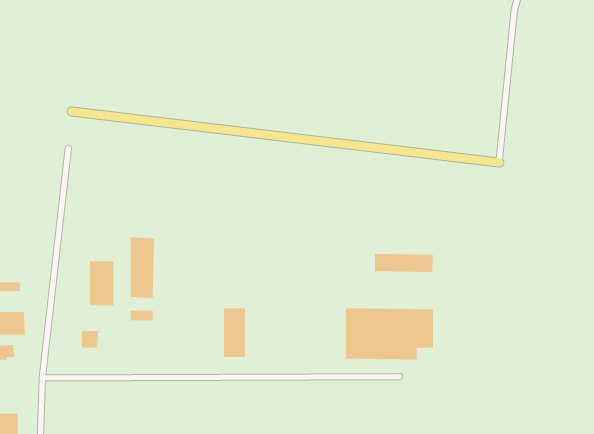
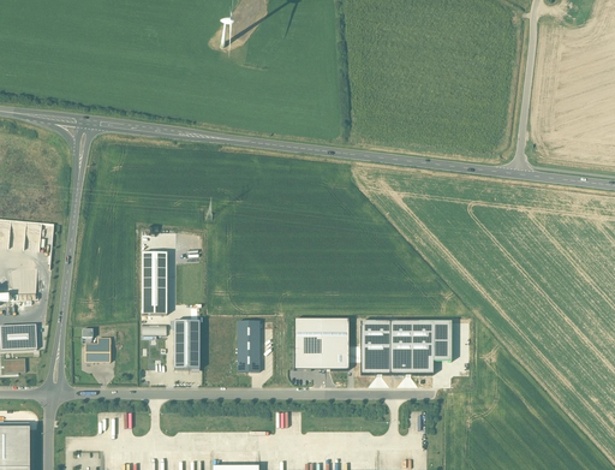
building: [374,253,433,273] -> none
building: [89,261,114,306] -> [174,322,199,368]
building: none -> [294,320,347,369]

